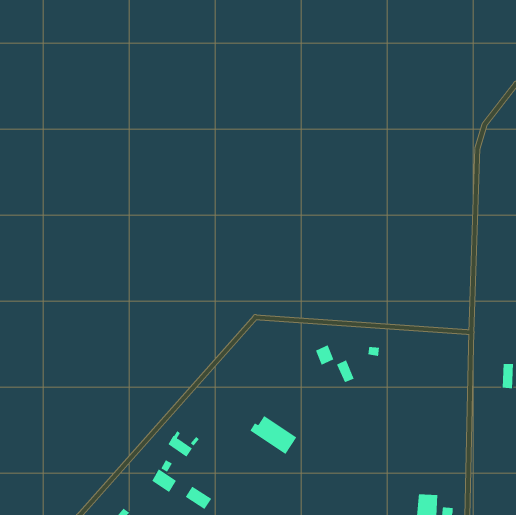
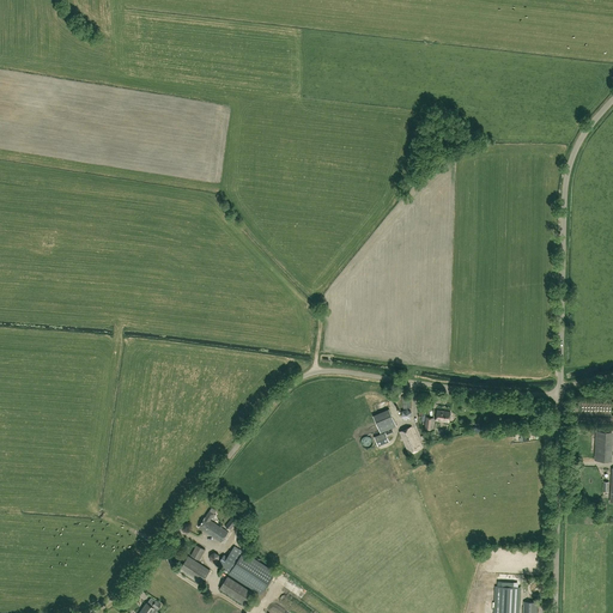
building: [250,415,297,455] -> [218,547,274,594]

